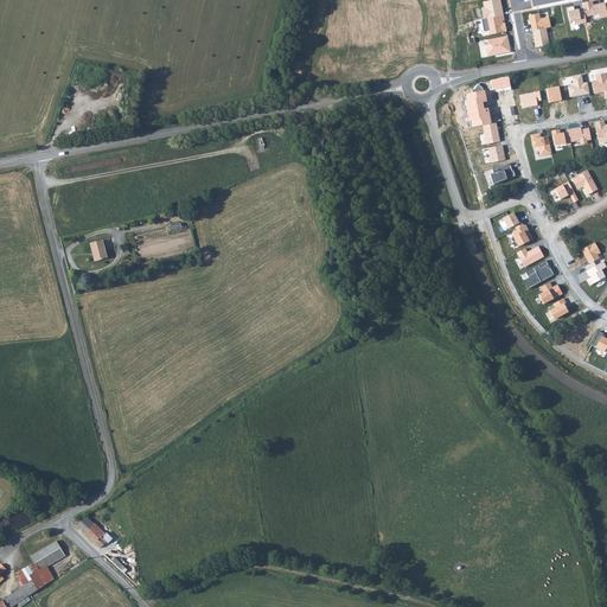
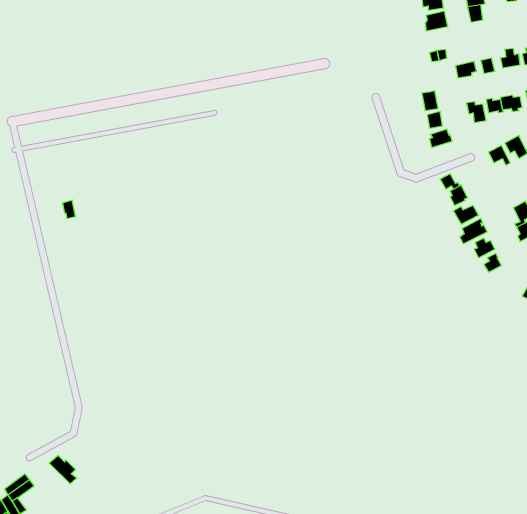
building: [465,85,491,127] -> none

